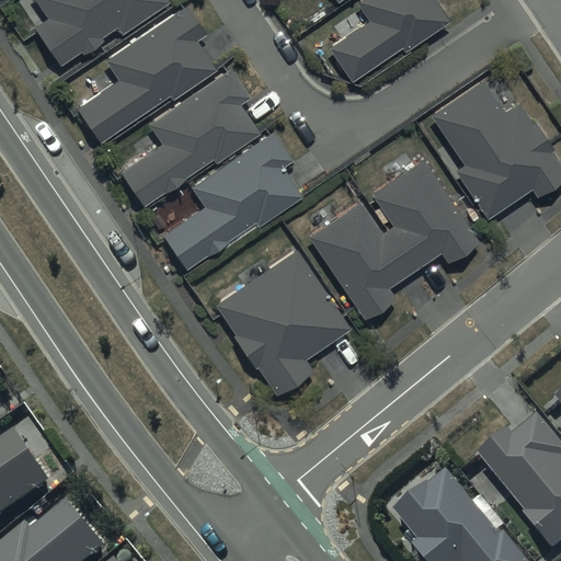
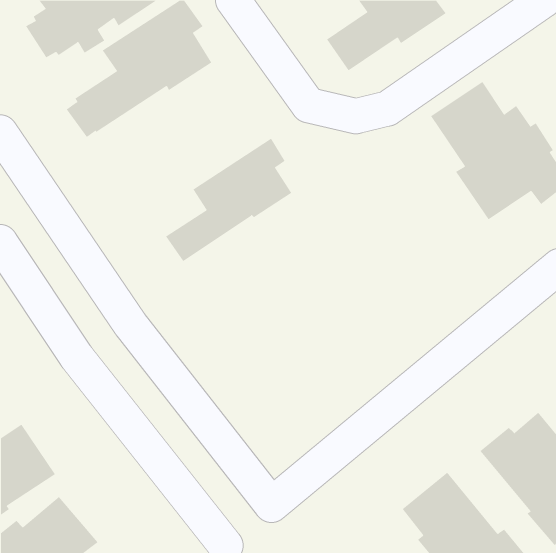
building: [113,68,261,208] -> none
building: [308,159,484,327] -> none
building: [216,248,351,399] -> none

